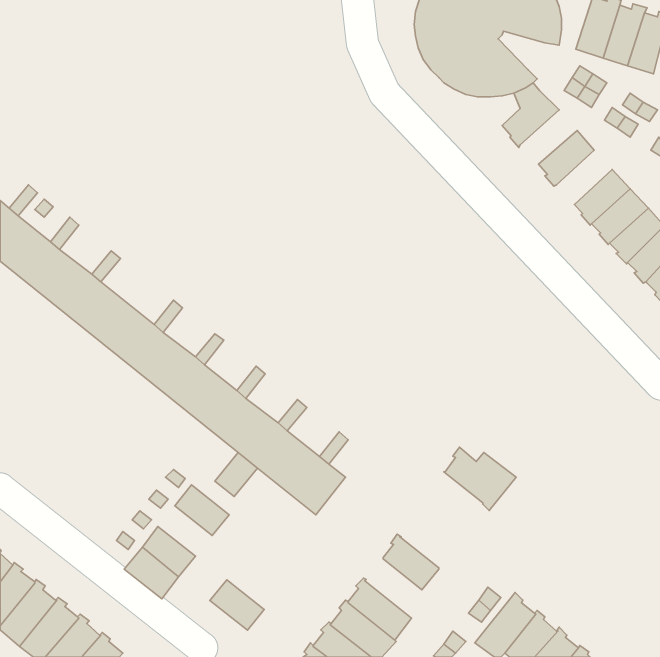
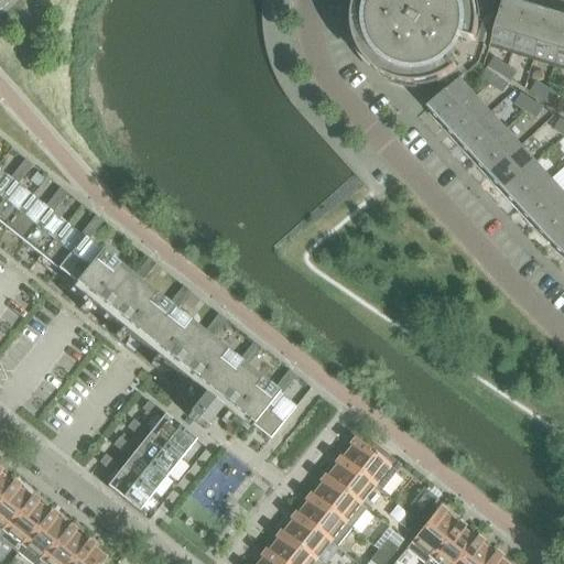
building: none -> [444,94,492,142]
building: none -> [475,128,522,175]
building: [444,447,516,511] -> [341,436,403,490]
building: none -> [312,474,367,527]
building: [210,580,264,630] -> [135,431,182,474]

